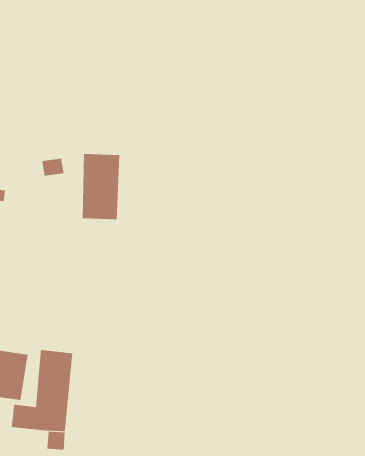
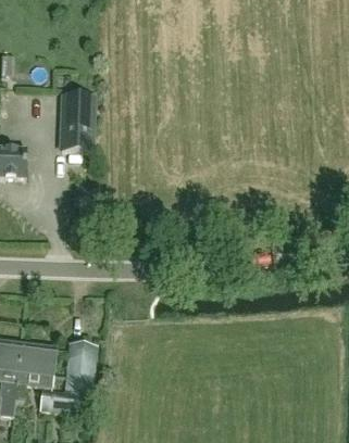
building: [82,154,120,220] -> [61,94,94,151]

